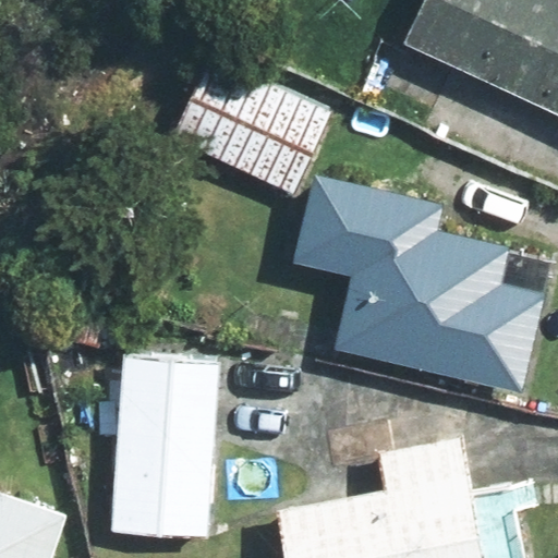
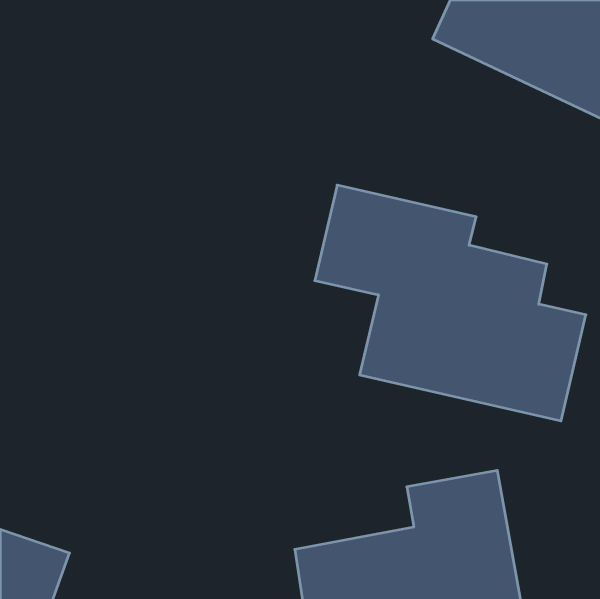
building: [172,56,331,194] -> none
building: [65,356,219,538] -> none

